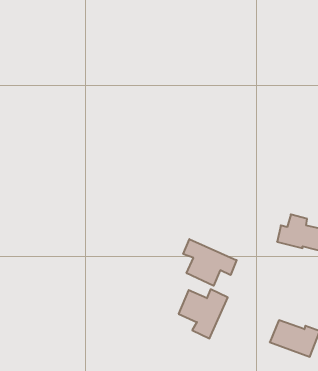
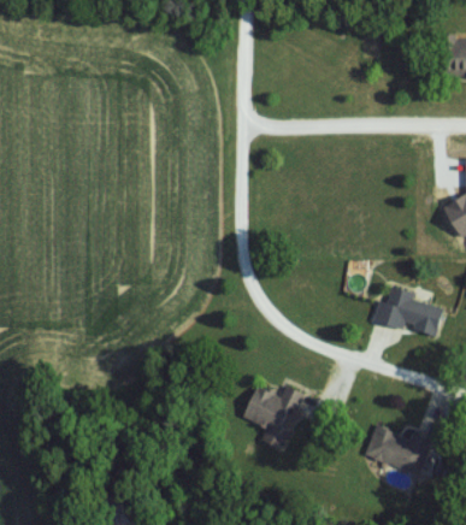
building: [183,239,237,286] -> none

